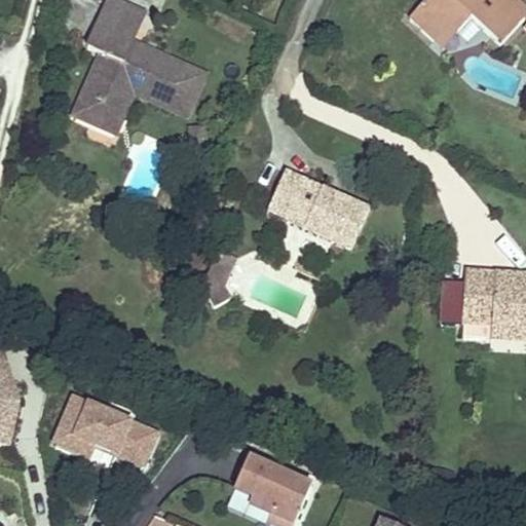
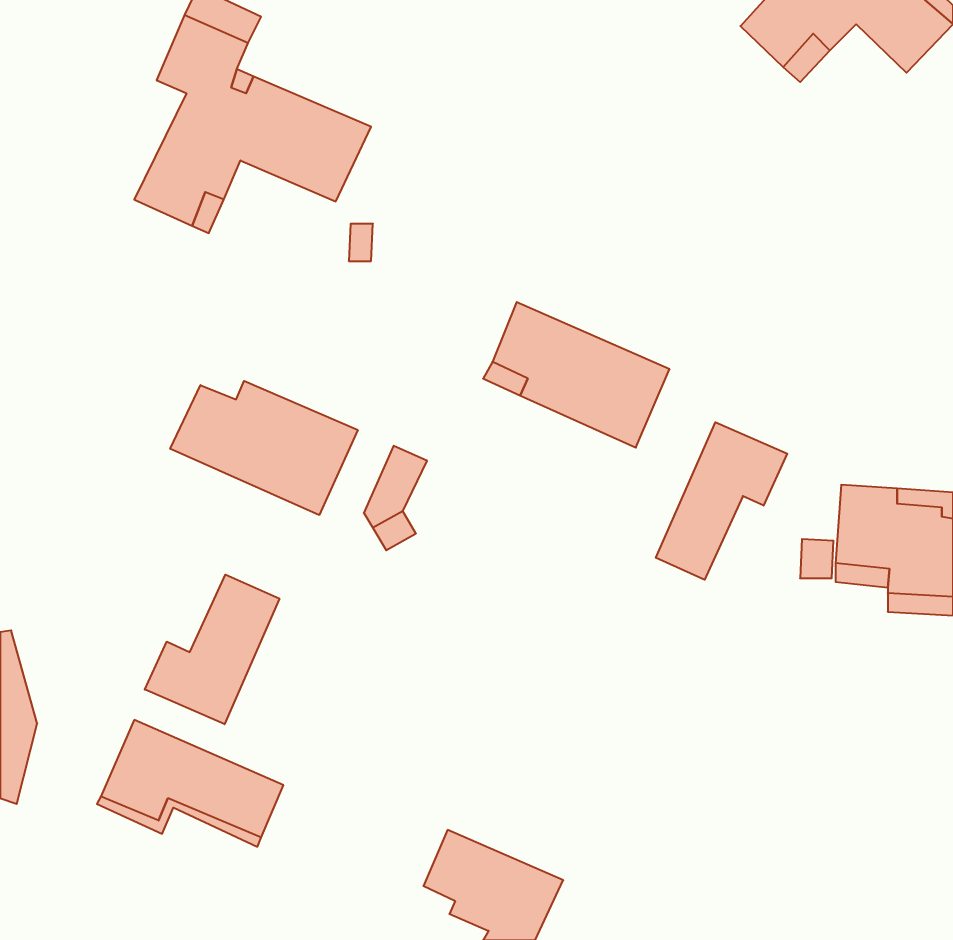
building: none -> [170,381,358,515]
building: none -> [656,422,787,580]
building: none -> [145,575,279,724]

